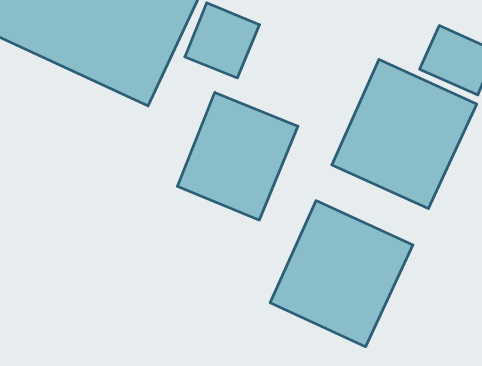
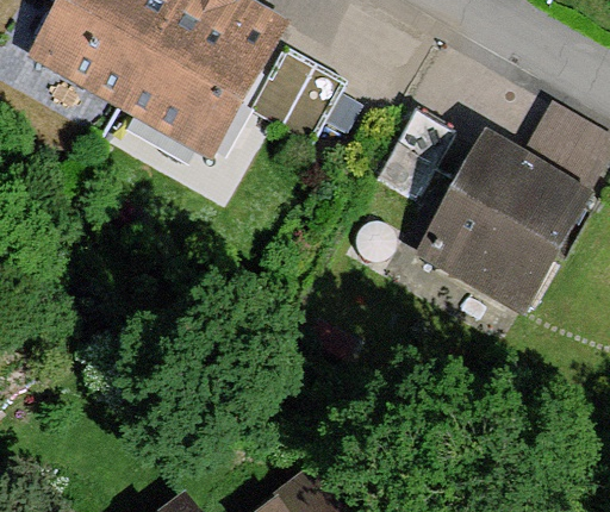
building: [177,92,298,220] -> none
building: [270,201,413,347] -> none

